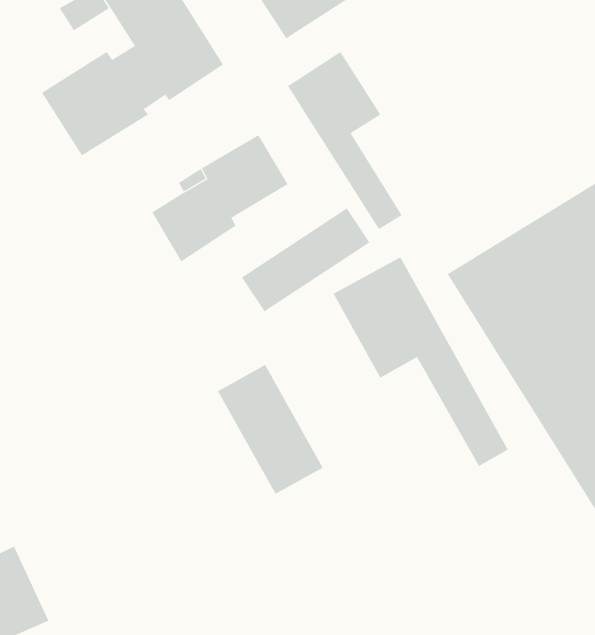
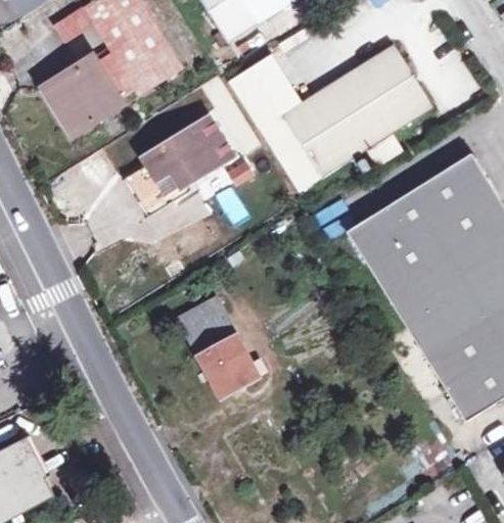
building: none -> [278,47,432,181]
building: [241,208,370,312] -> none
building: [333,257,508,467] -> none

